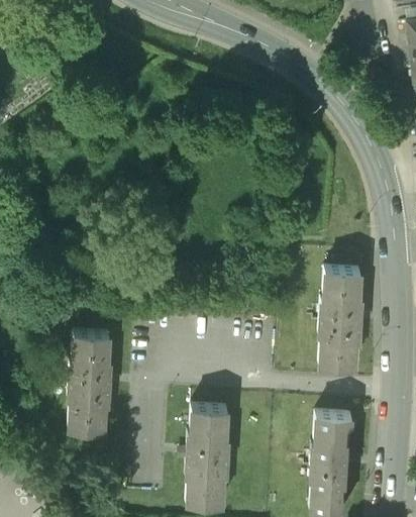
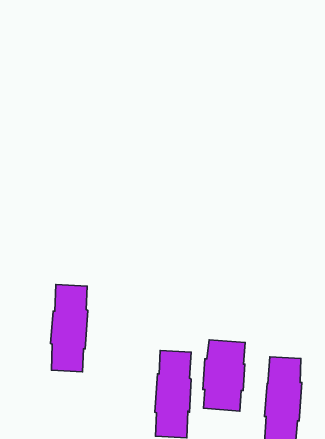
building: [318,267,359,366] -> none
building: none -> [203,340,245,411]

